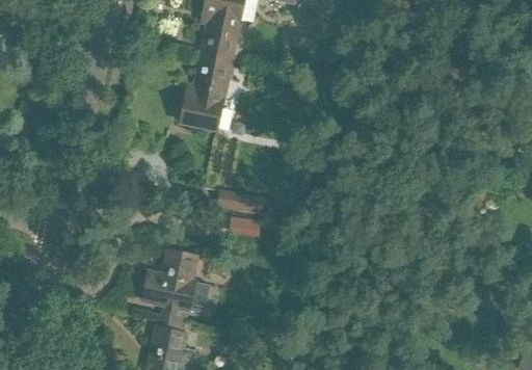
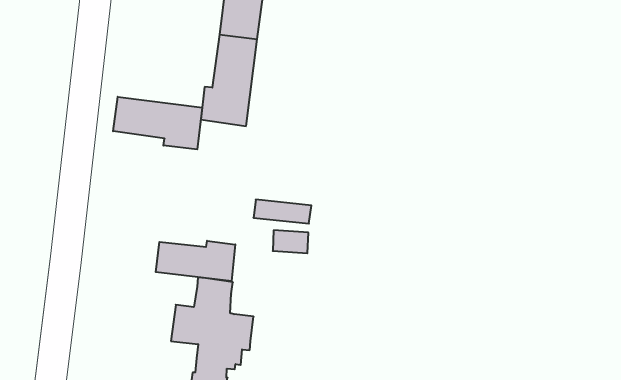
building: none -> [113,97,202,149]
building: none -> [156,241,235,281]

